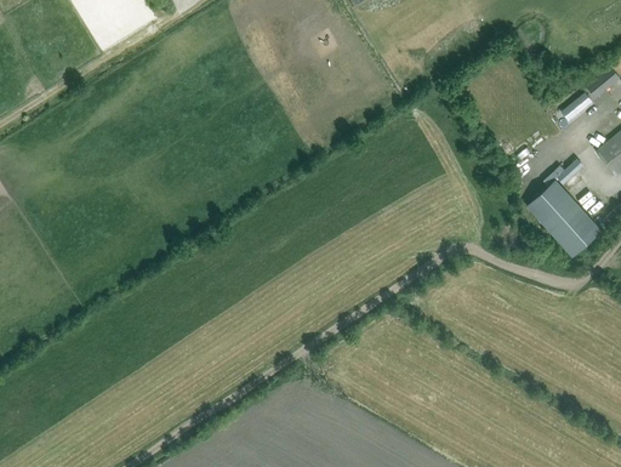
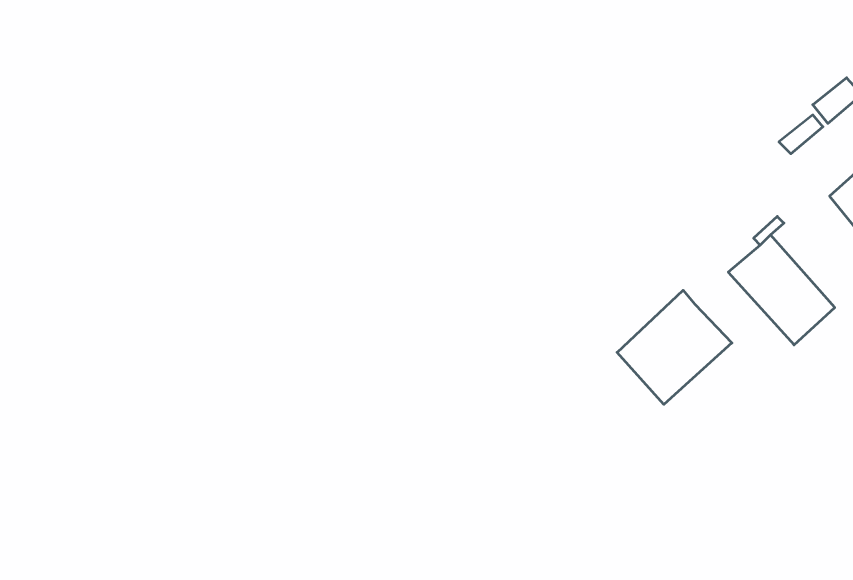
building: none -> [617,290,732,404]

